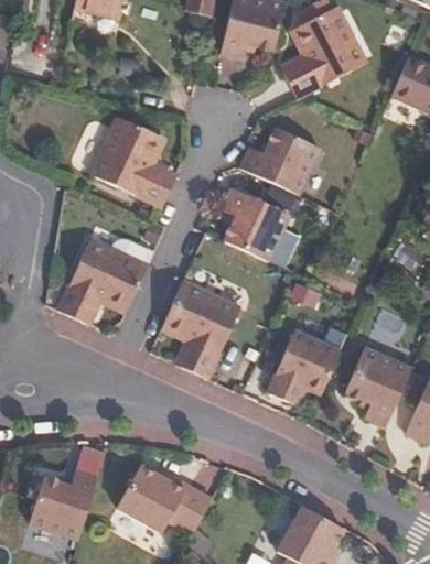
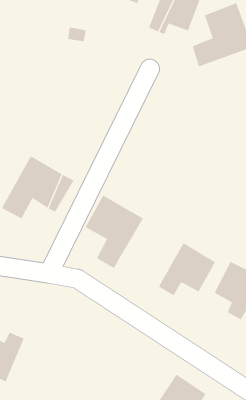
building: [87,116,172,206] -> none
building: [245,129,323,197] -> none
building: [222,184,290,260] -> none
building: [119,464,215,532] -> none

